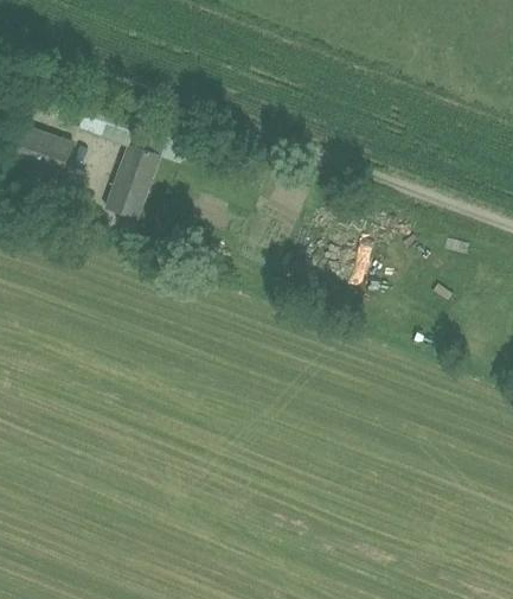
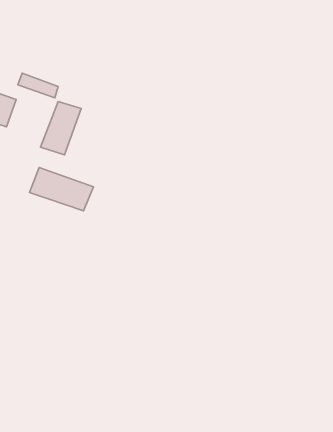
building: none -> [30,167,94,211]

